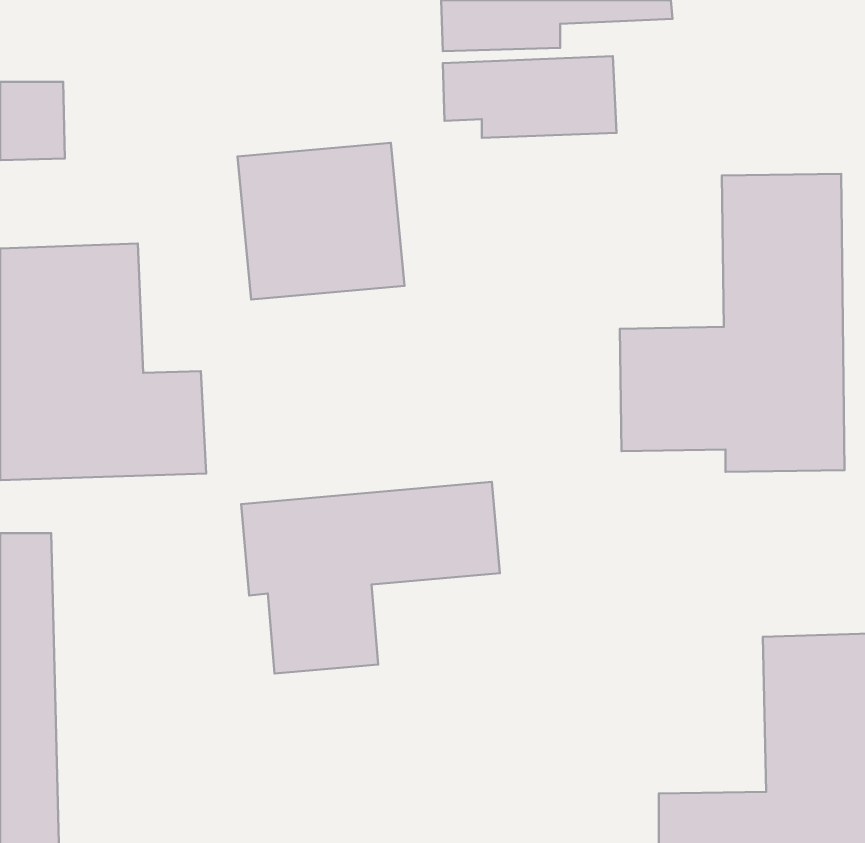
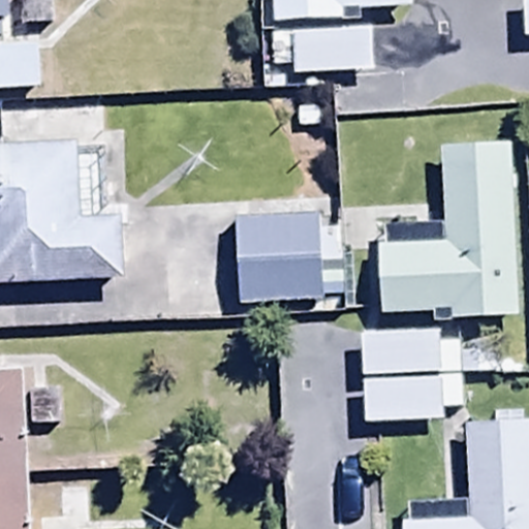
building: [238,143,404,299] -> [224,194,325,289]
building: [241,482,500,673] -> none
building: none -> [360,310,440,406]

